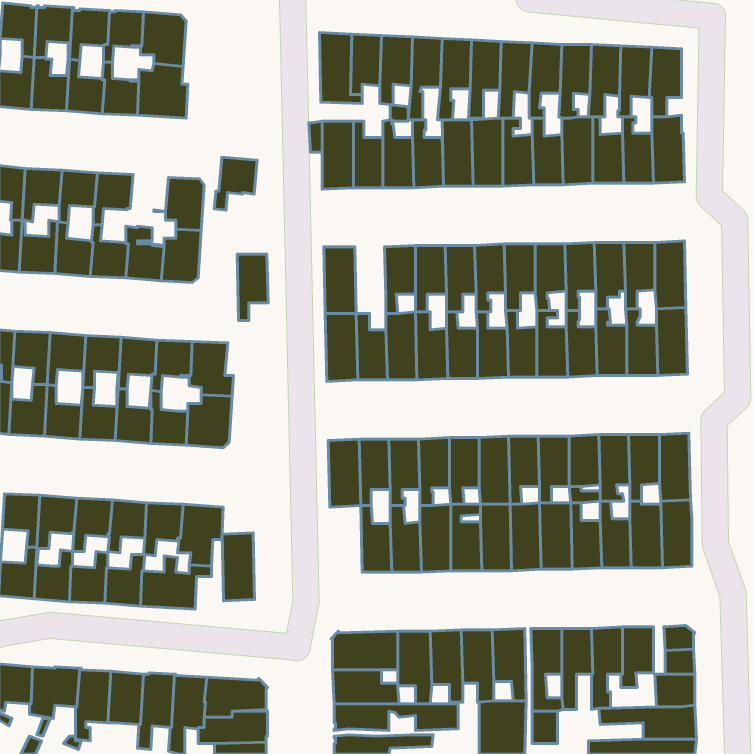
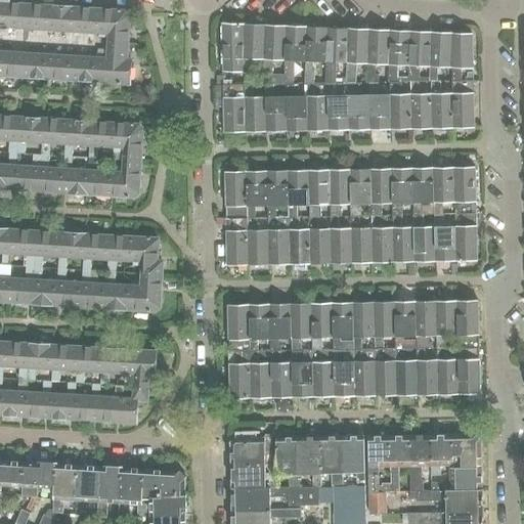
building: [214,157,257,210] -> [87,121,117,158]
building: [237,254,268,321] -> [246,171,267,217]
building: [222,533,255,601] -> [228,350,251,397]

